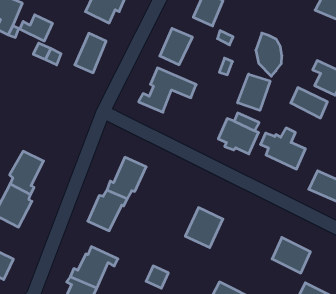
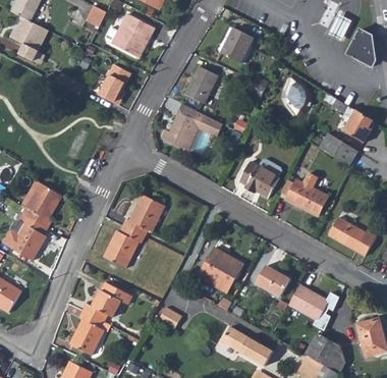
building: [20,15,52,41] -> none
building: [238,74,270,110] -> none
building: none -> [257,266,290,296]

